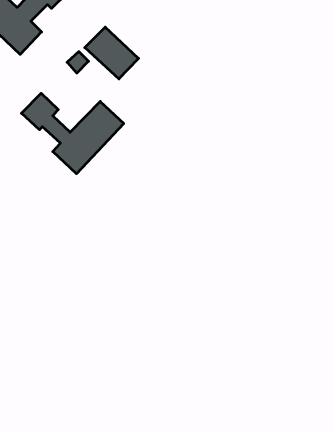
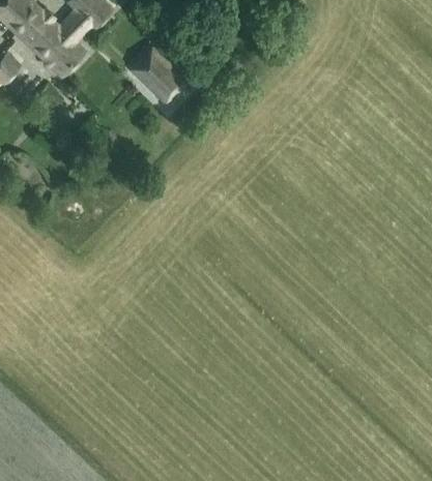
building: [21,93,124,174] -> none

